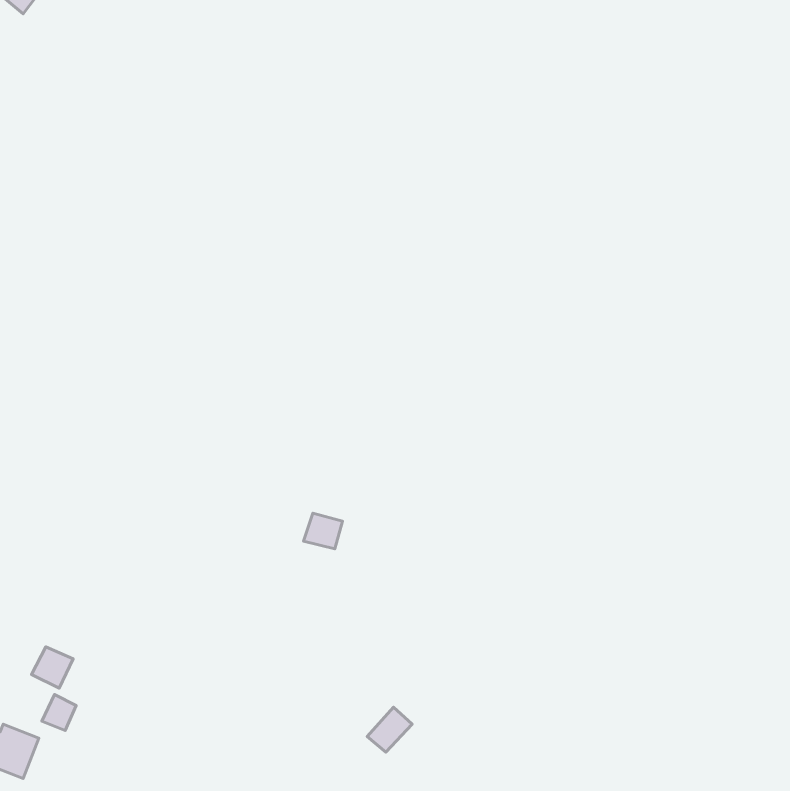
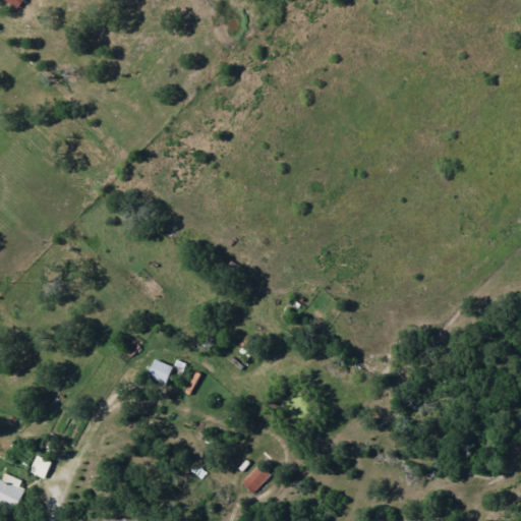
building: [304,513,342,549] -> [147,359,172,383]
building: [32,647,73,688] -> none

